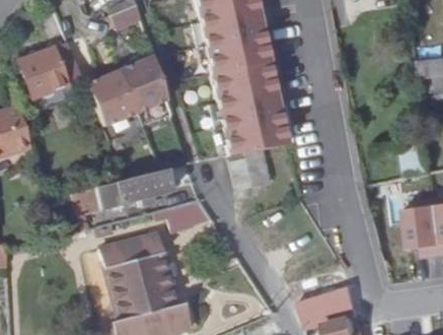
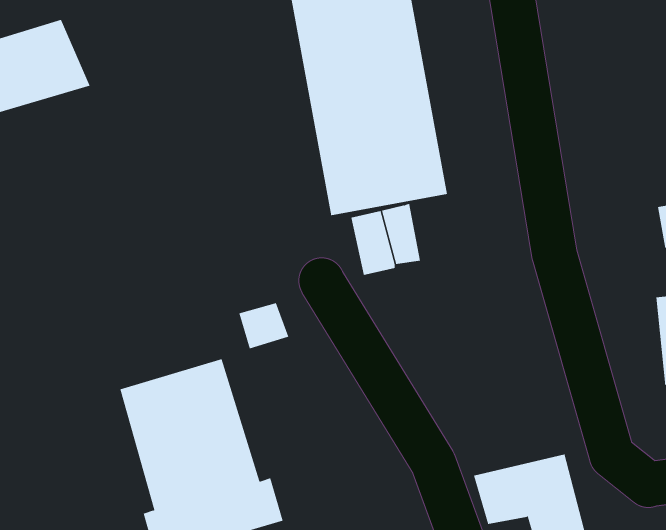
building: [85,58,169,128] -> none
building: [76,170,173,213] -> none

